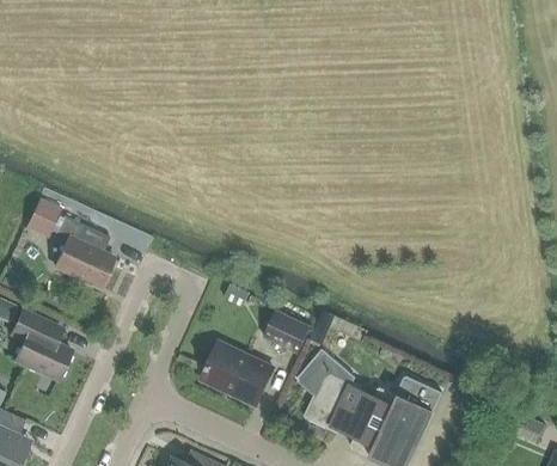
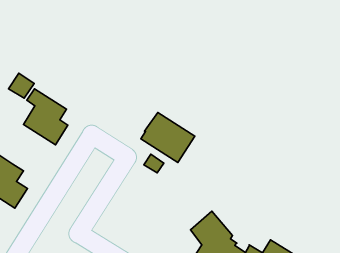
building: [261,309,310,355] -> none
building: [201,343,273,406] -> [141,113,195,162]

